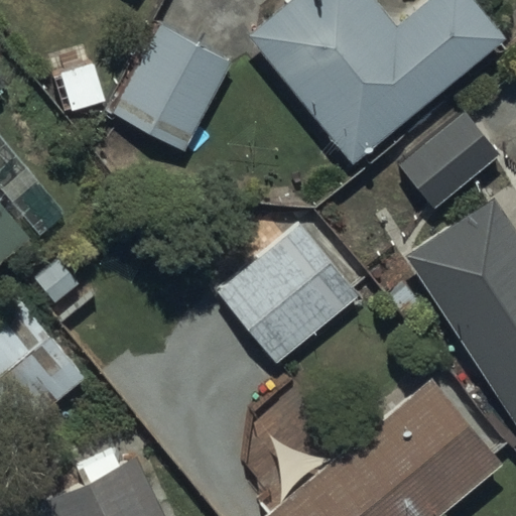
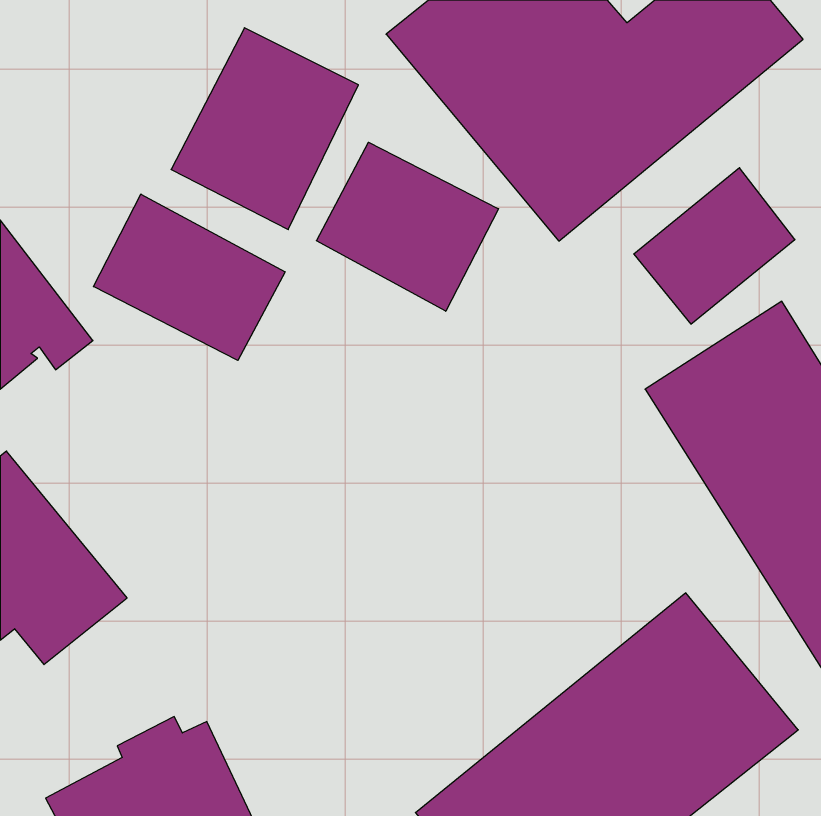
building: none -> [316,142,499,311]
building: none -> [93,194,285,360]
building: [220,216,373,364] -> none

